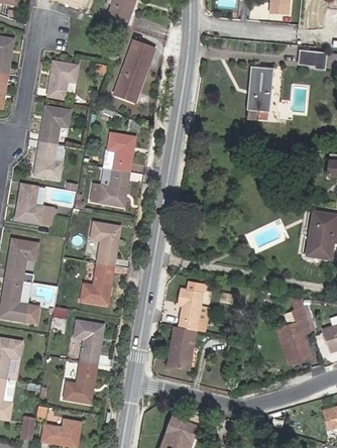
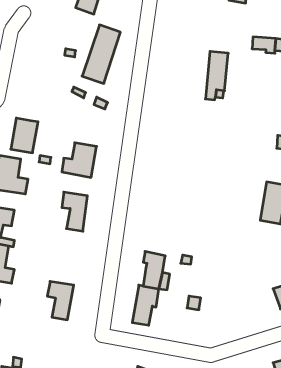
building: [46,61,76,100] -> none
building: [39,106,70,143] -> none
building: [104,133,134,172] -> none
building: [80,262,113,304] -> none
building: [278,308,313,363] -> none
building: [64,360,96,402] -> none

